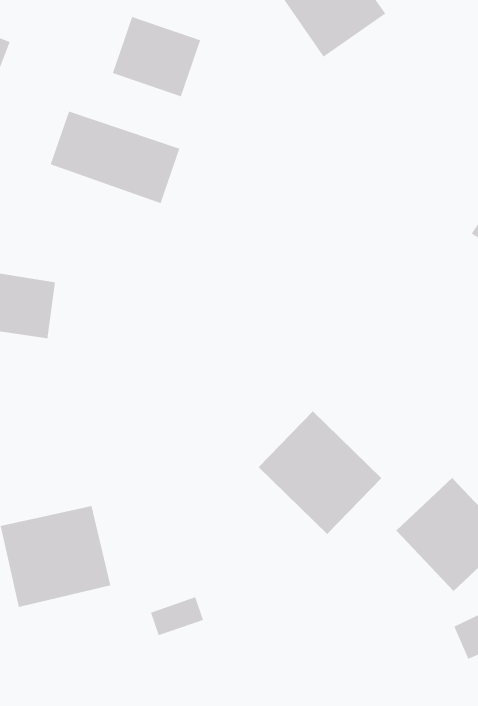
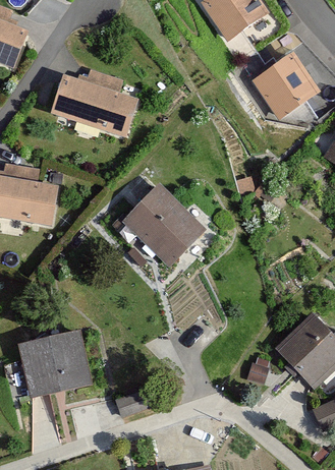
building: [112,16,201,97] -> none
building: none -> [254,54,319,118]
building: [258,411,382,535] -> [124,184,205,265]

